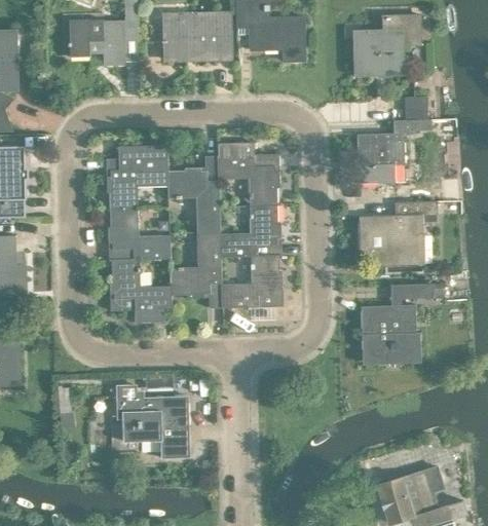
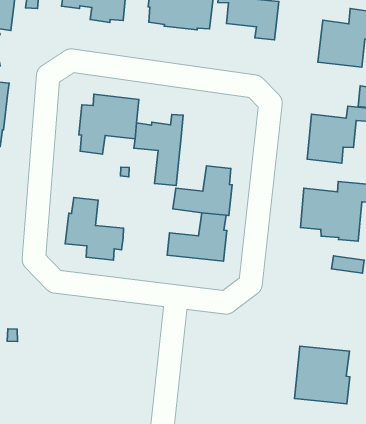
building: [217,142,278,206] -> none
building: [108,210,170,261] -> none
building: [170,232,221,309] -> none
building: [362,305,421,365] -> [294,346,350,404]
building: [116,385,188,459] -> none

